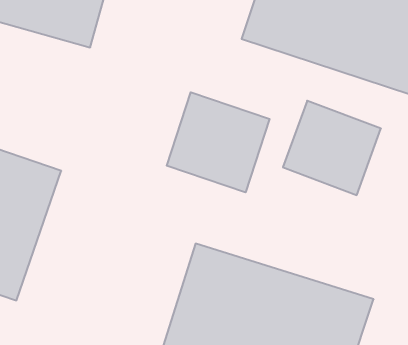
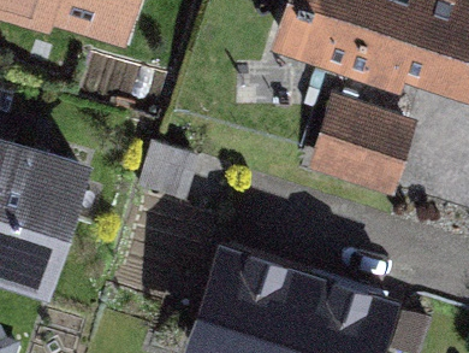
building: [167,92,270,192] -> none

